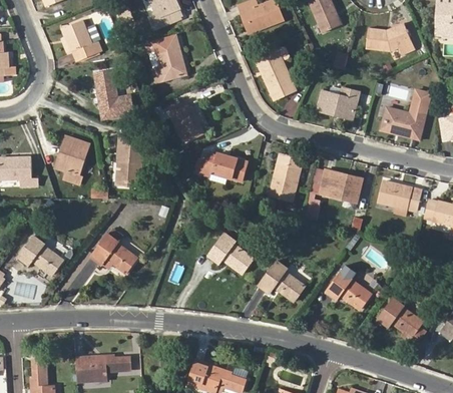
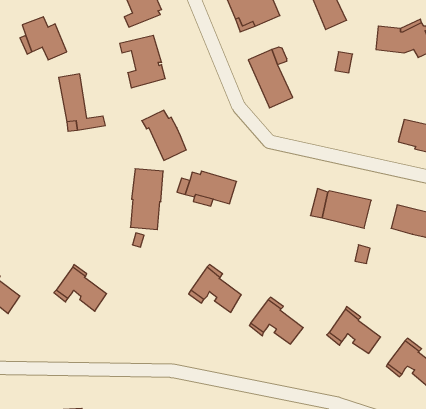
building: [317,88,360,116] -> none
building: [116,134,144,186] -> [130,169,163,230]
building: [58,136,89,183] -> none
building: [270,152,302,201] -> none

